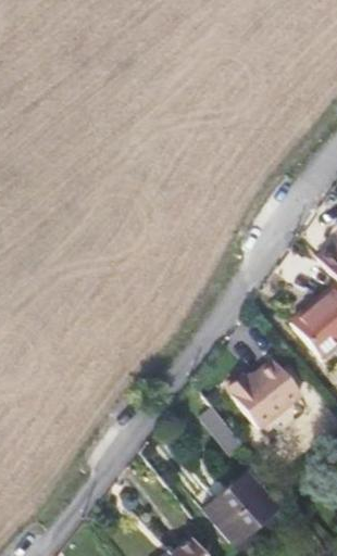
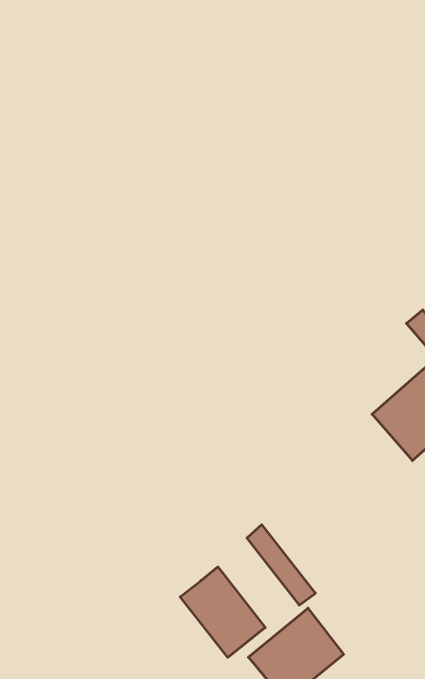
building: [229,356,302,429] -> none
building: none -> [180,567,265,657]

